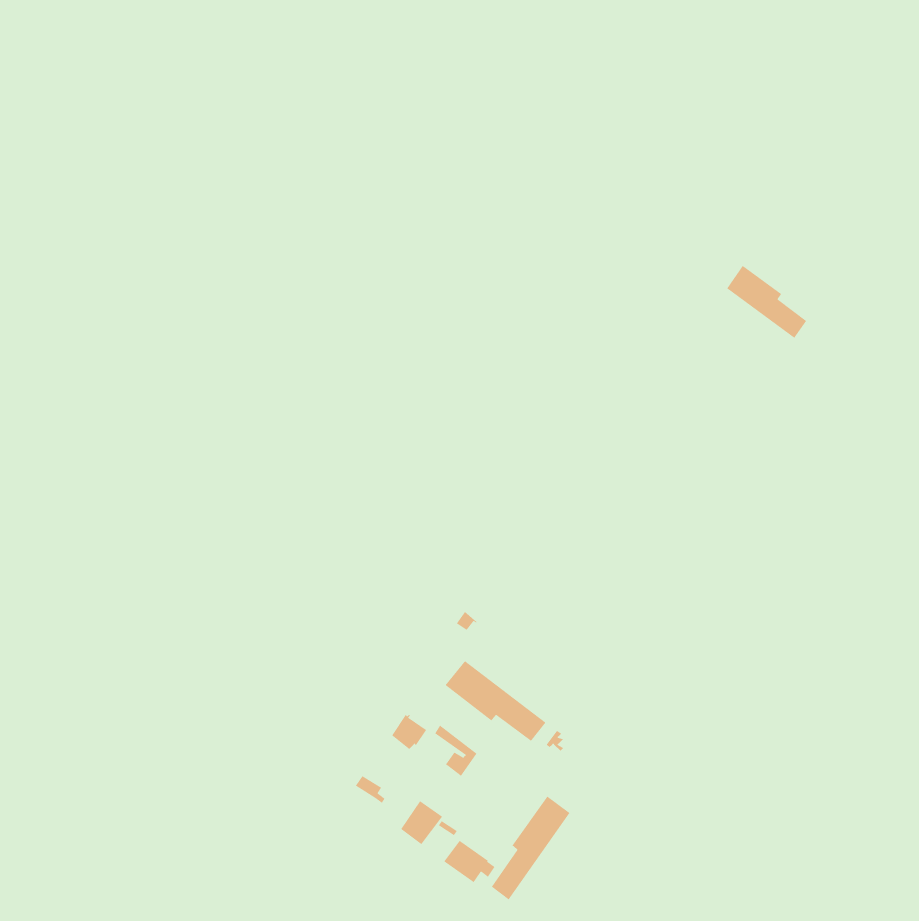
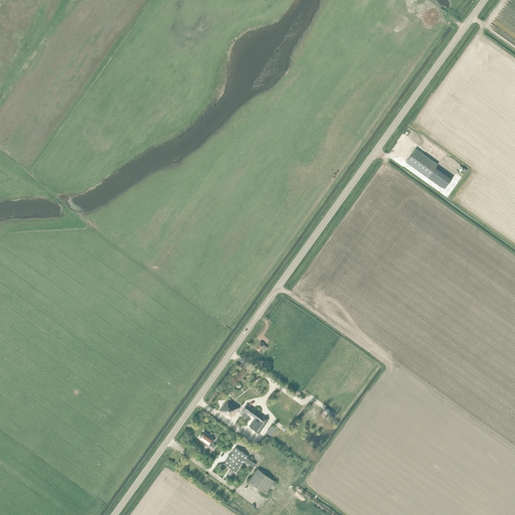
building: [445,660,547,742] -> none
building: [491,795,570,900] -> none

